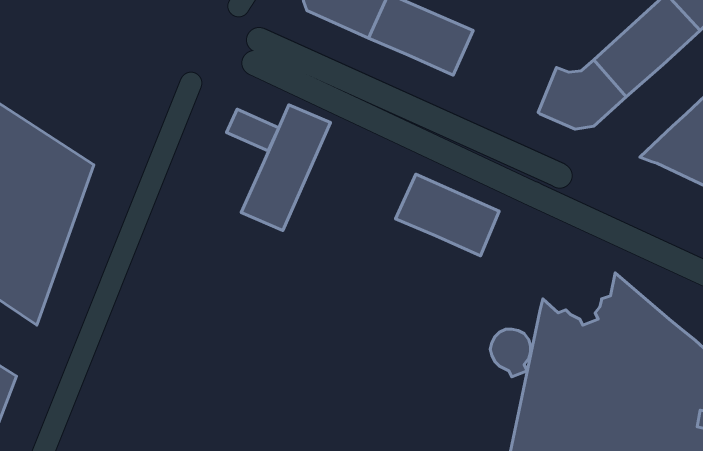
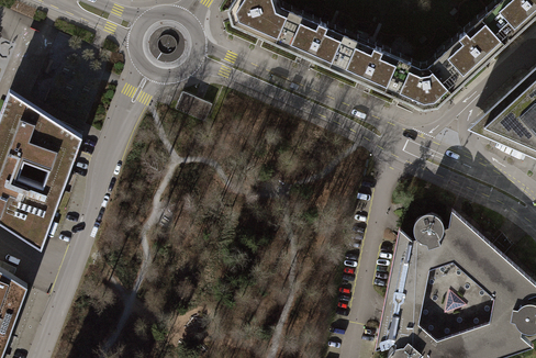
building: [241,105,331,230] -> none
building: [396,174,499,256] -> [337,38,411,97]
building: [490,329,530,377] -> [414,214,443,248]

